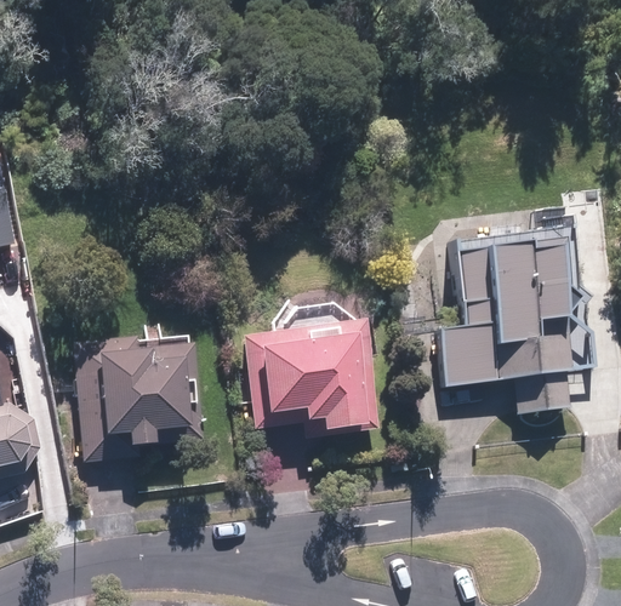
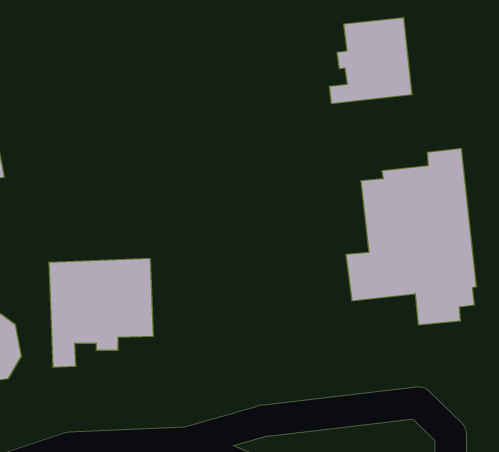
building: none -> [330,17,412,104]
building: [244,304,377,433] -> none

